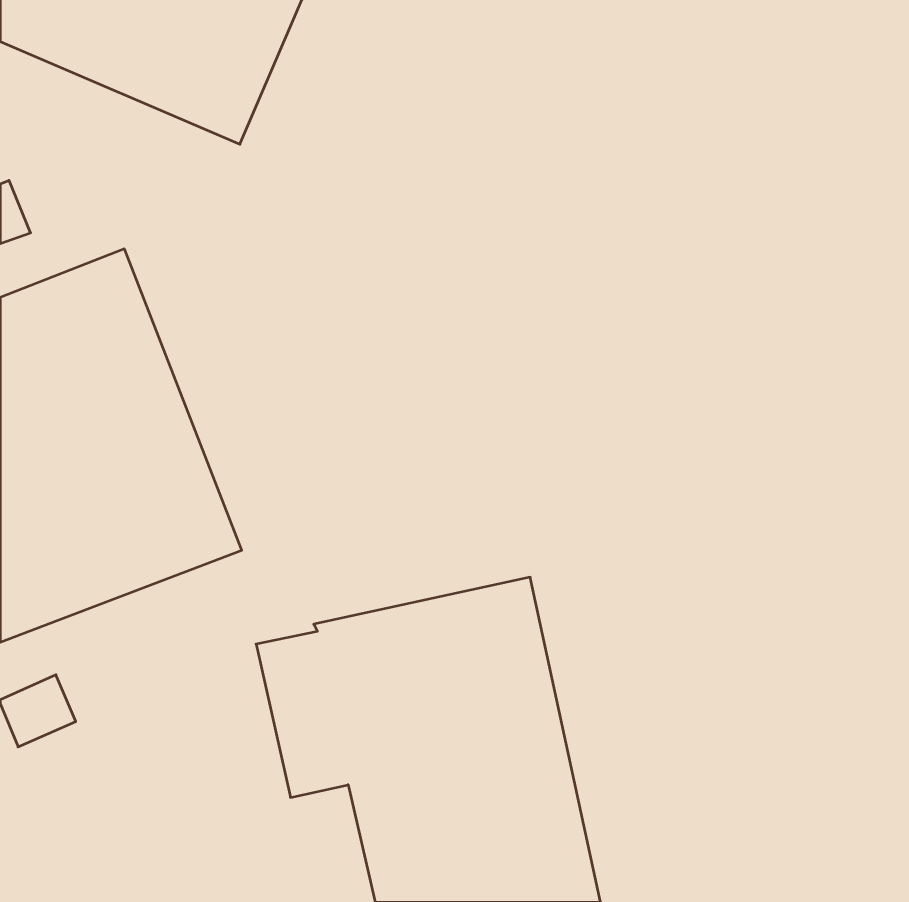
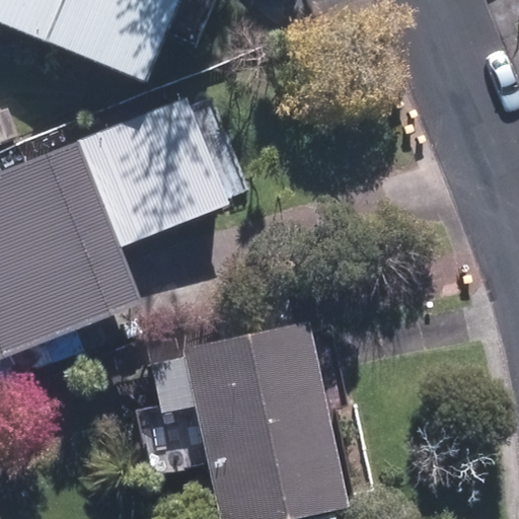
building: none -> [80,95,232,246]

